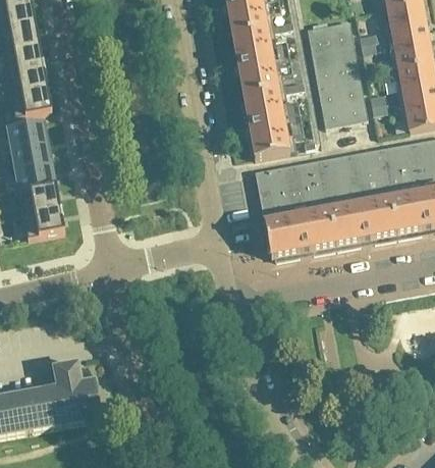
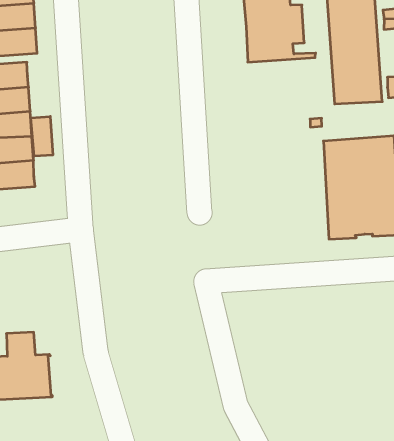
building: [242,85,304,157] -> none
building: [255,159,334,258] -> none
building: none -> [31,116,53,156]

